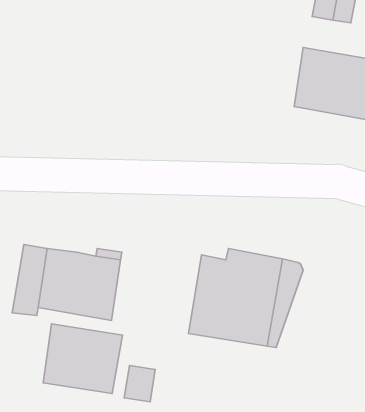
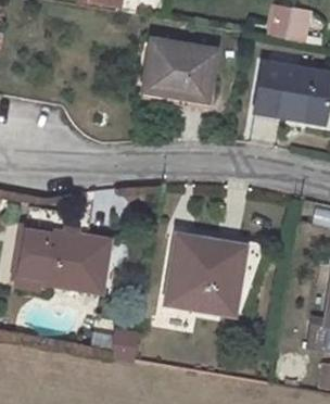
building: none -> [142,38,214,101]
building: [43,324,123,393] -> none

